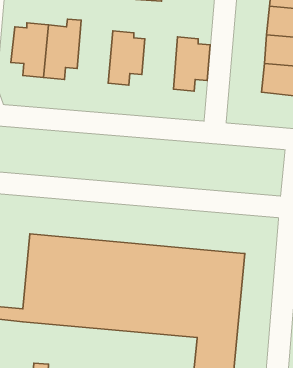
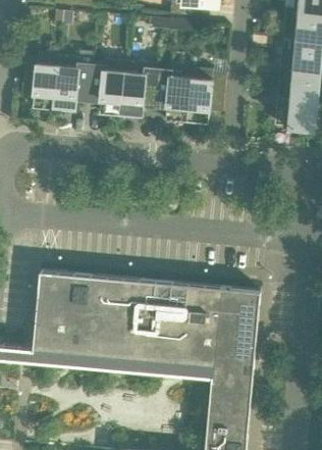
building: none -> [89,59,125,115]
building: none -> [155,65,192,121]

